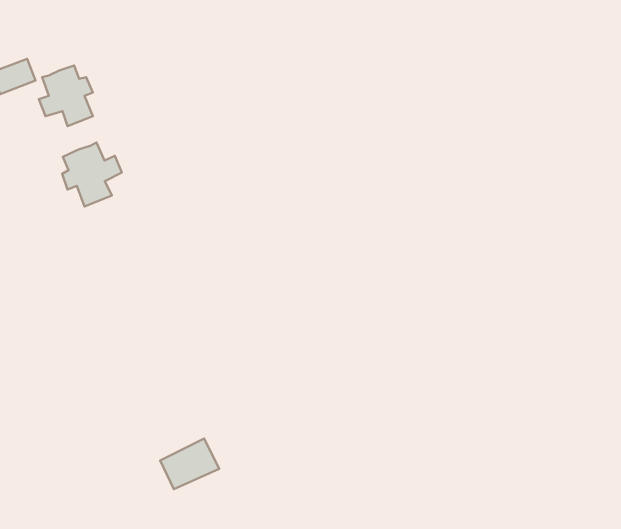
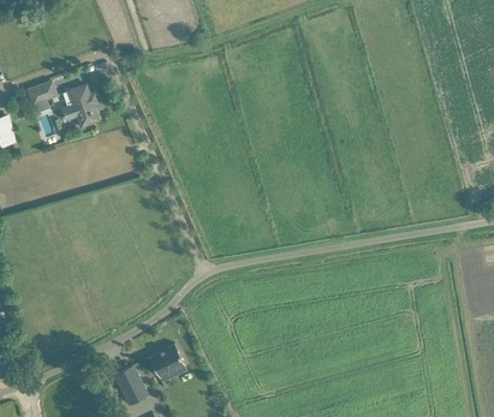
building: [62,142,122,206] -> none
building: none -> [112,364,147,404]

